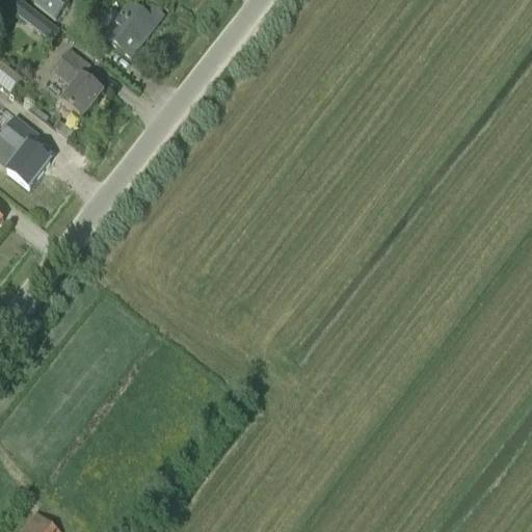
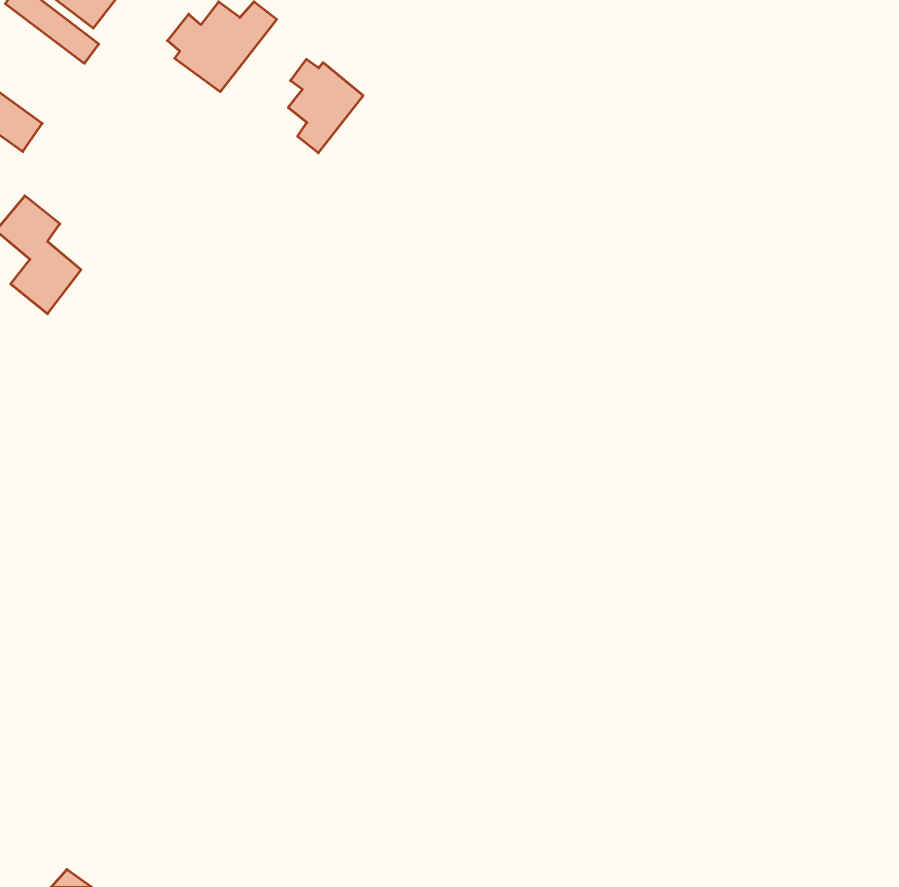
building: none -> [288,59,363,153]
building: [52,47,102,116] -> none

